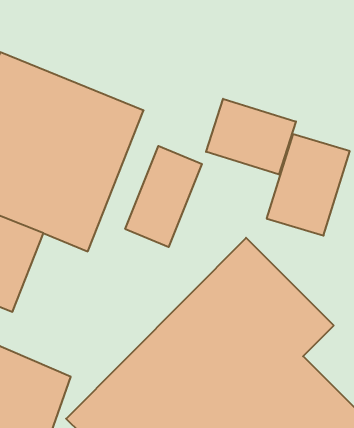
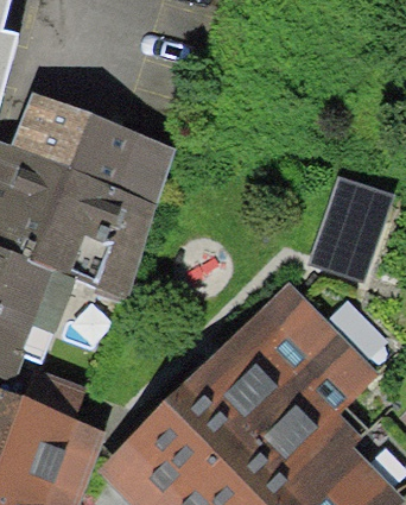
building: [206,99,296,175] -> none
building: [125,146,202,247] -> none

